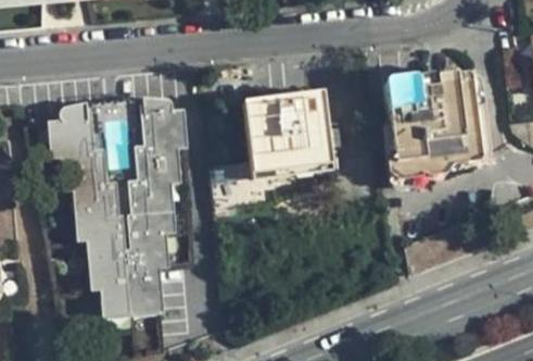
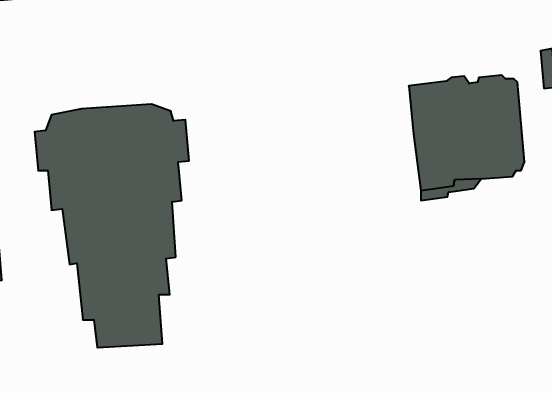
building: [212,90,331,207] -> none

